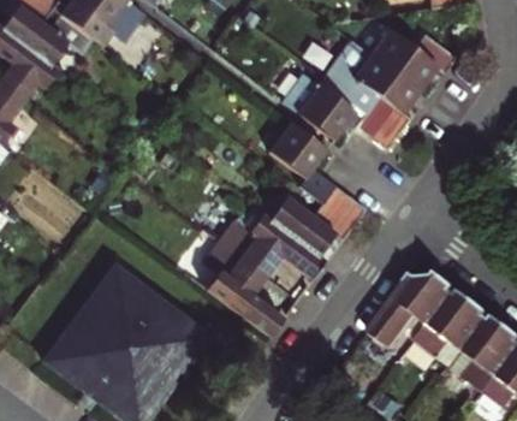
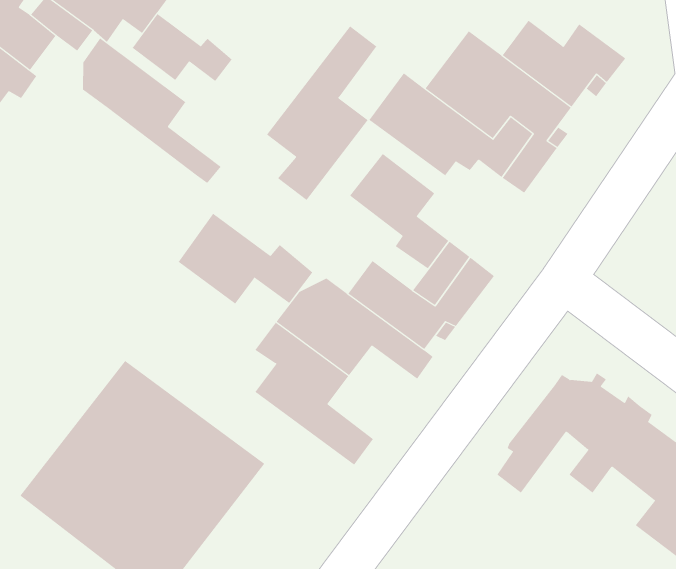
building: none -> [132,13,233,82]
building: none -> [266,25,377,201]
building: none -> [83,37,221,184]
building: none -> [178,213,313,305]

